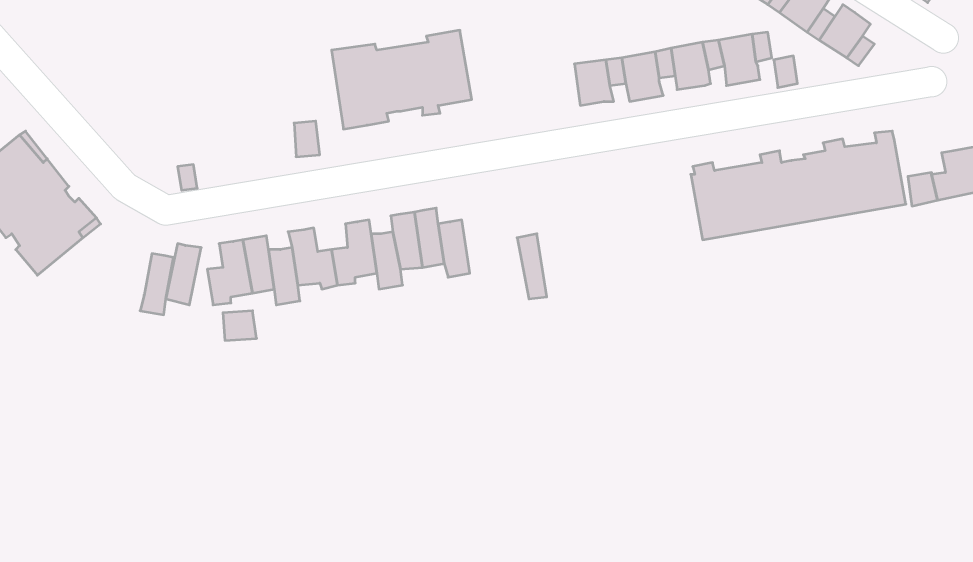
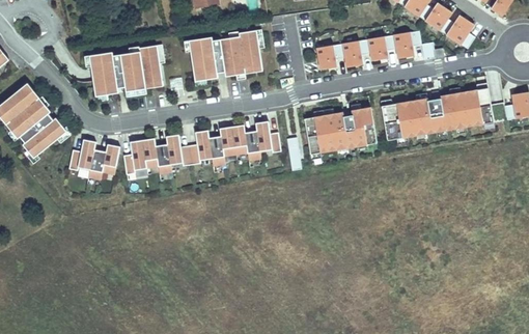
building: none -> [87,44,165,96]
building: none -> [302,107,373,155]
building: none -> [256,120,282,151]
building: none -> [68,138,95,170]

